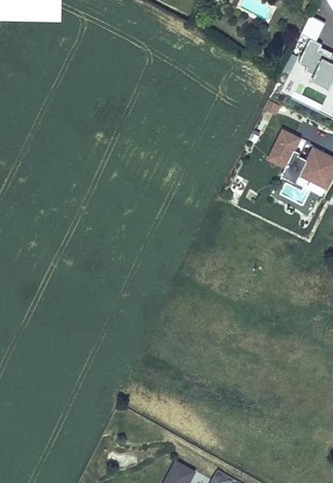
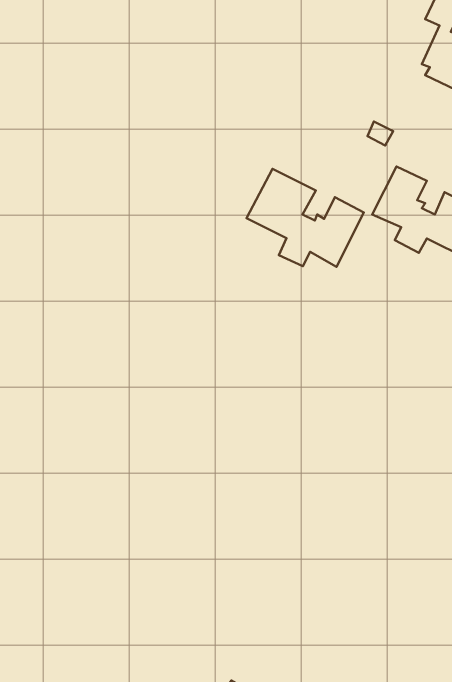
building: none -> [246,169,364,267]

